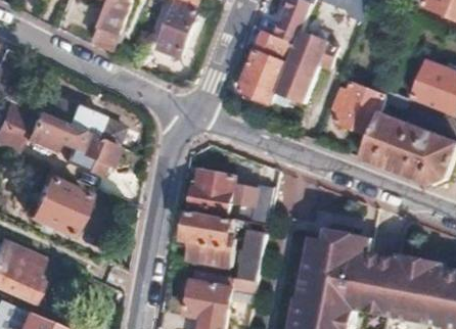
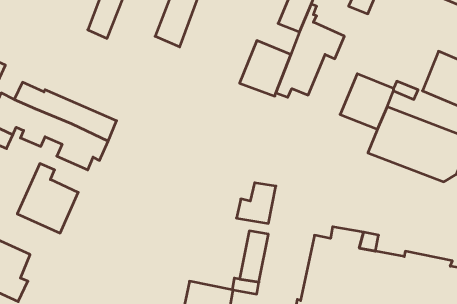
building: [253,29,293,63] -> none
building: [187,170,232,212] -> none
building: [182,212,232,266] -> none

